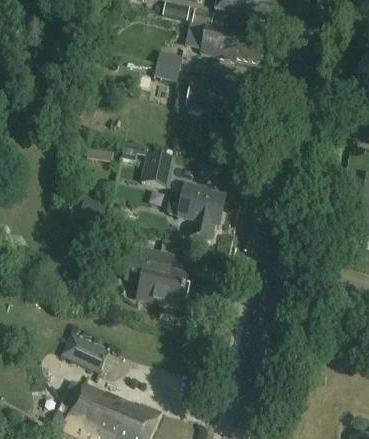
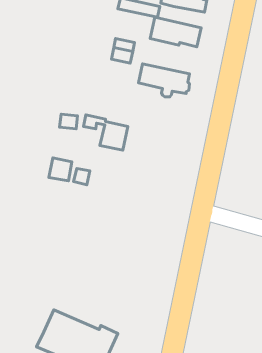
building: [165,184,224,239] -> none
building: [126,249,187,307] -> none
building: [60,333,109,373] -> none

